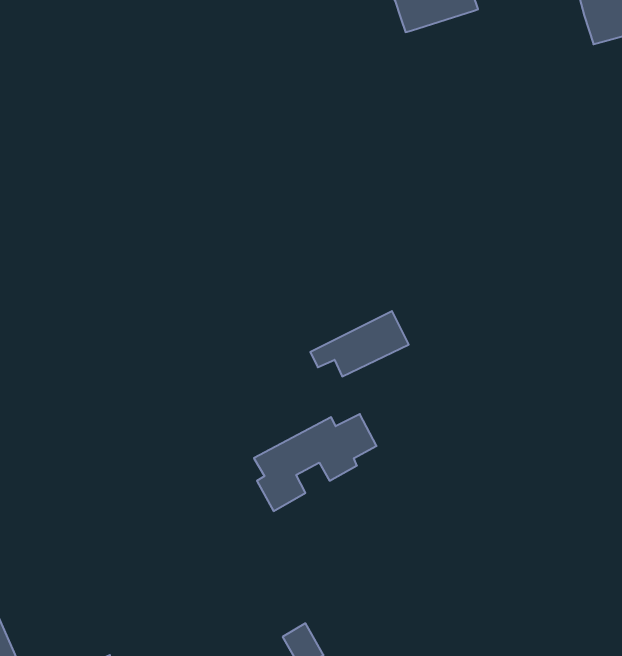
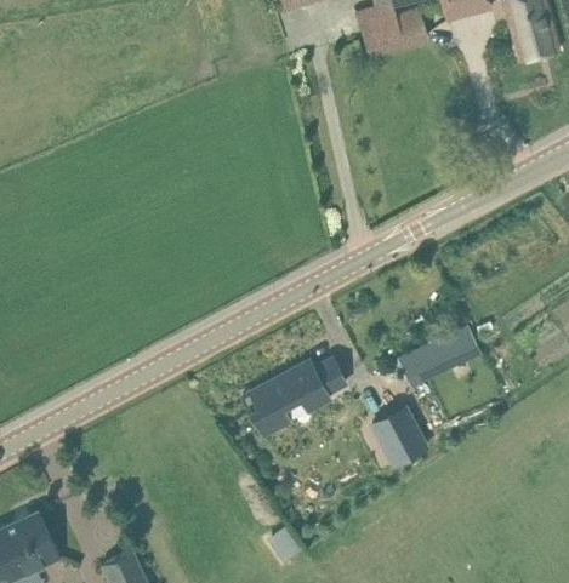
building: [310,311,409,376] -> [400,326,479,378]
building: none -> [372,411,425,467]

